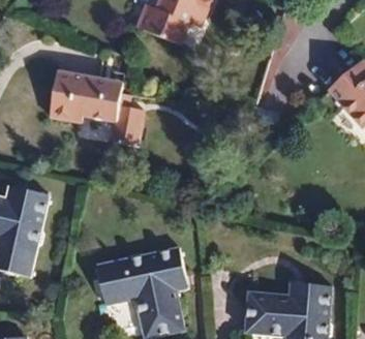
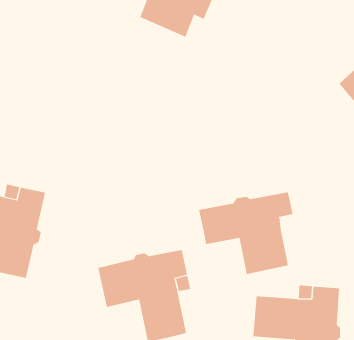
building: [49,70,144,146] -> none
building: none -> [199,191,293,275]

